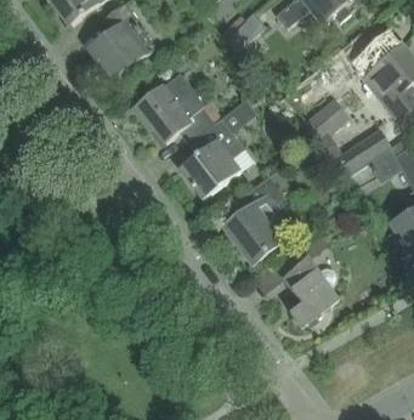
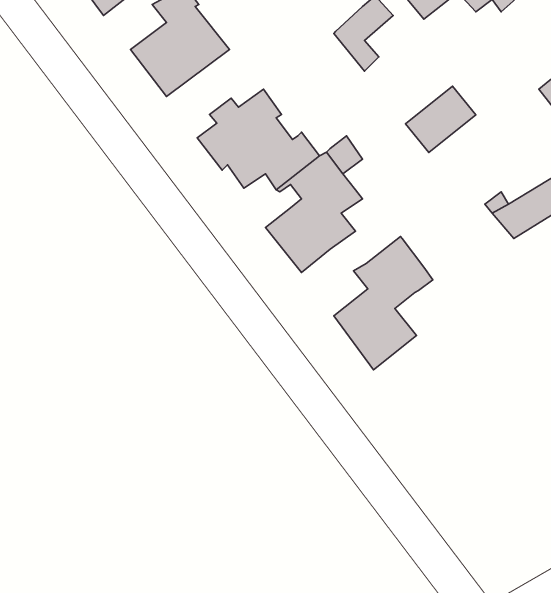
building: [302,96,350,141] -> [406,86,476,153]
building: [274,245,340,325] -> none

